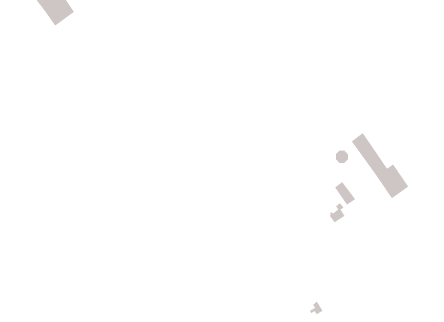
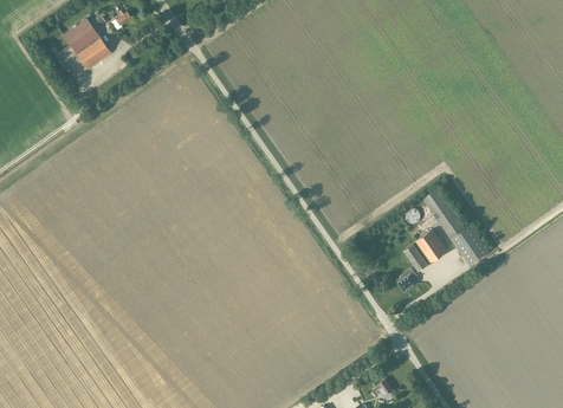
building: none -> [415,229,447,263]

